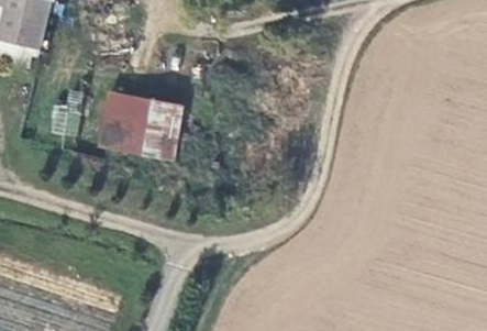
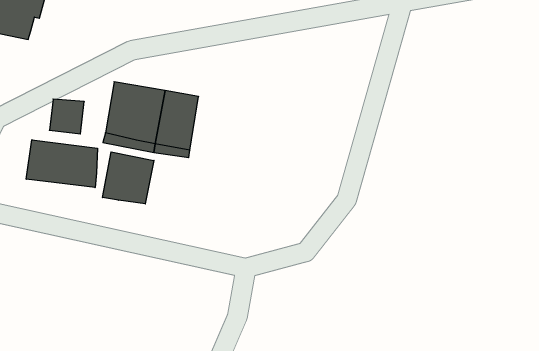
building: none -> [26,140,97,188]
building: none -> [103,152,154,204]

